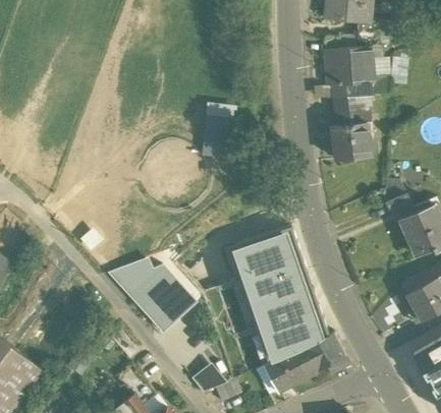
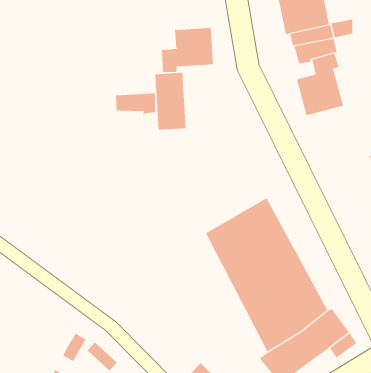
building: none -> [161,27,214,73]
building: none -> [115,92,156,114]
building: [111,259,192,329] -> none

